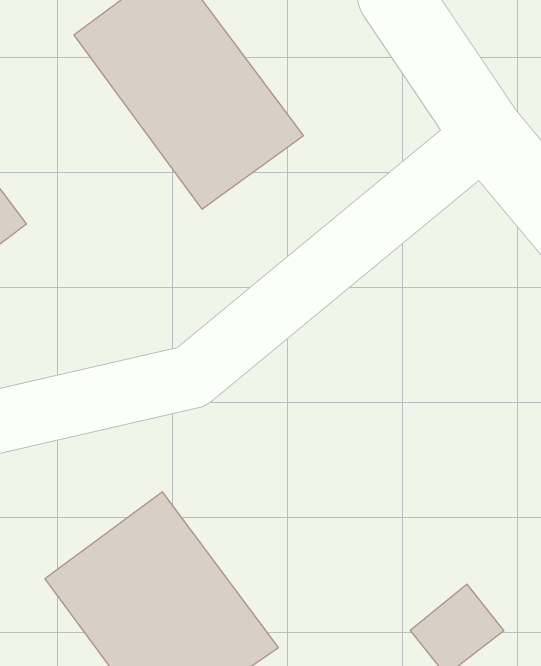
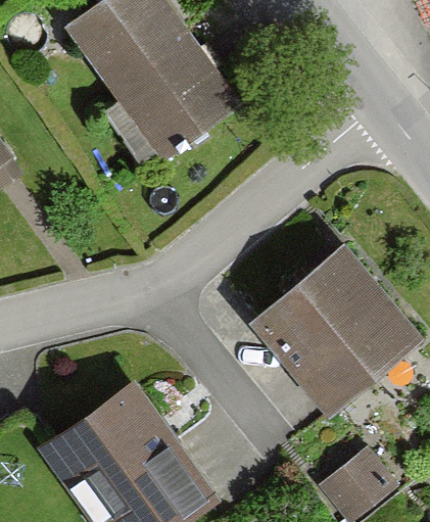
building: none -> [248,243,419,413]

